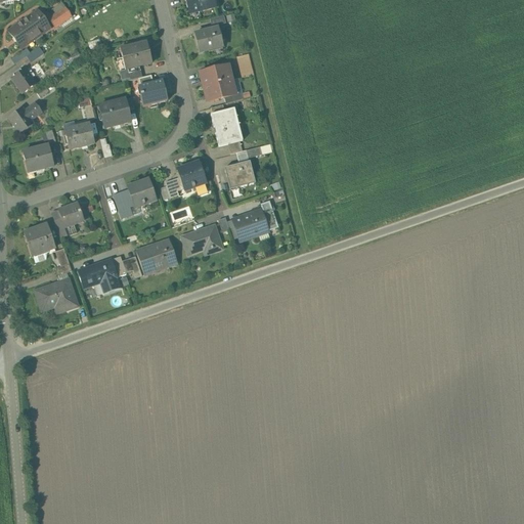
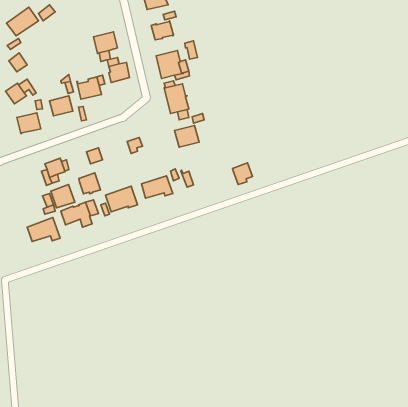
building: [176,161,206,188] -> none
building: [126,178,154,205] -> [79,173,100,194]
building: [242,209,267,236] -> [232,163,252,184]
building: [25,224,55,254] -> [51,185,75,208]

